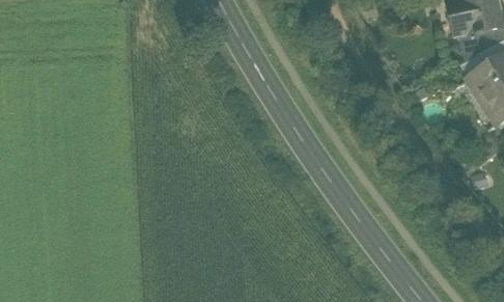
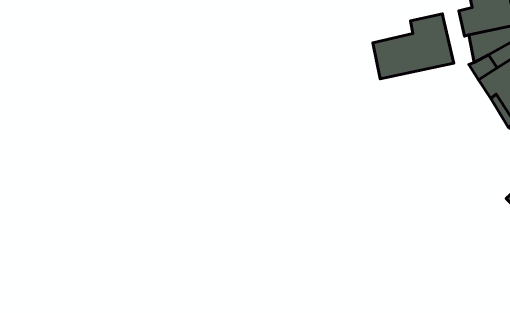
building: none -> [373,14,454,79]

